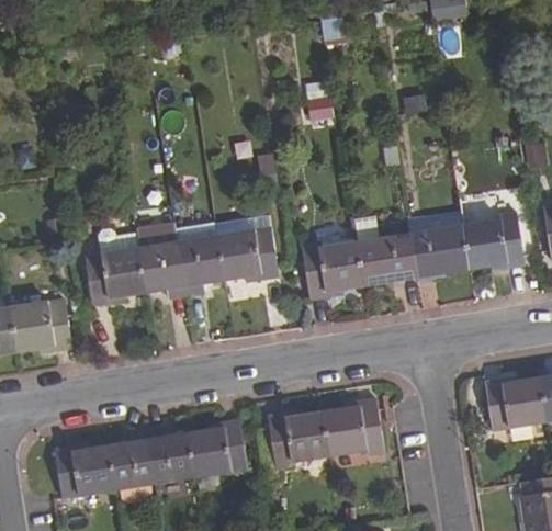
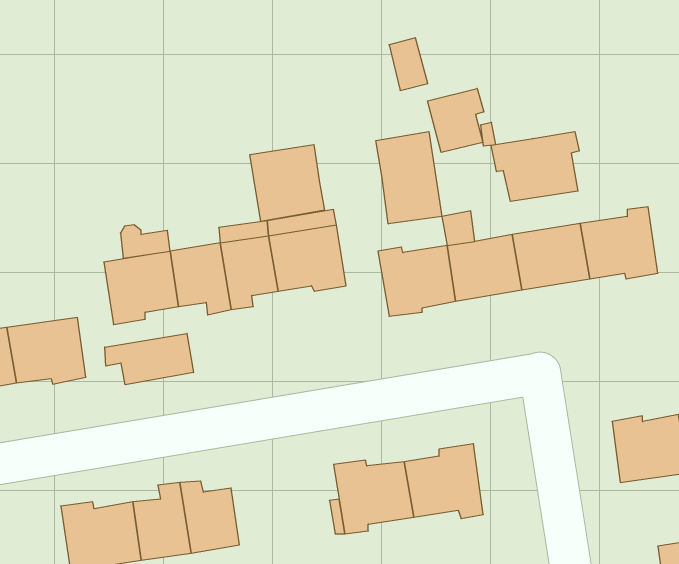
building: none -> [427,88,484,152]
building: none -> [376,132,442,224]
building: none -> [491,132,579,201]
building: none -> [250,145,324,222]
building: none -> [105,333,193,385]
building: [185,419,247,478] -> none

